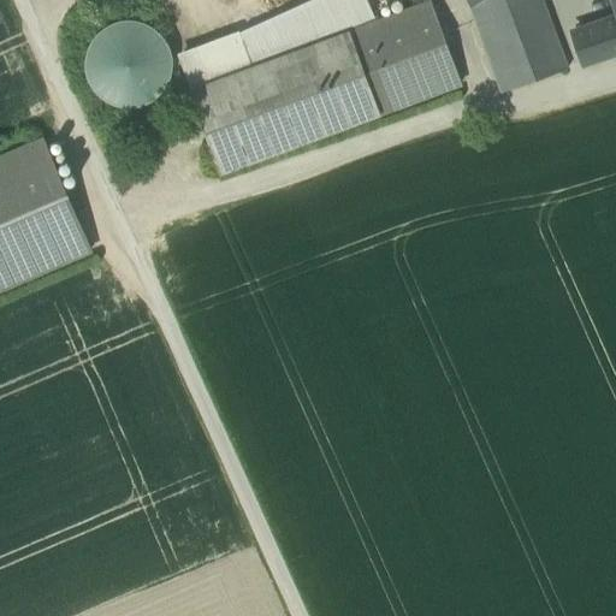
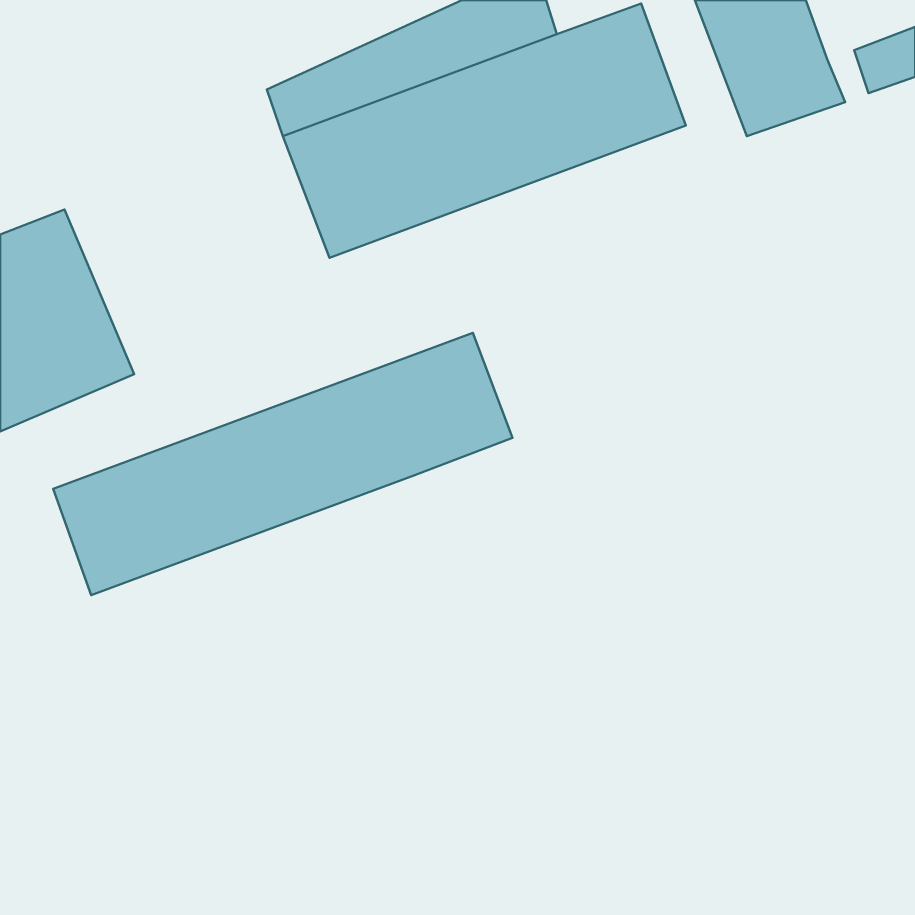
building: [85,20,171,106] -> none
building: none -> [53,333,512,595]

